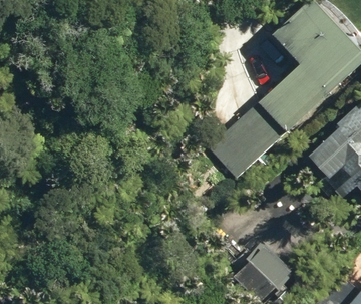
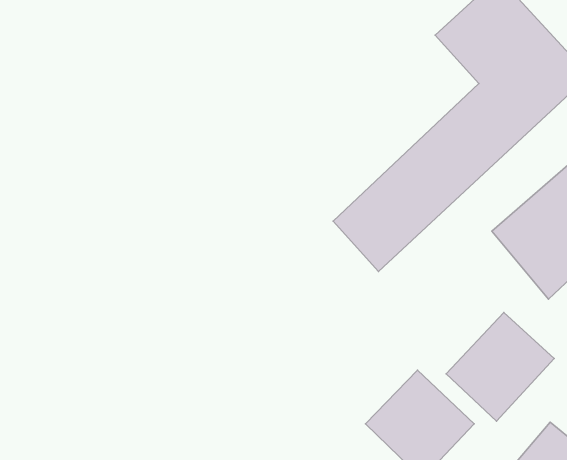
building: none -> [446,313,554,421]

